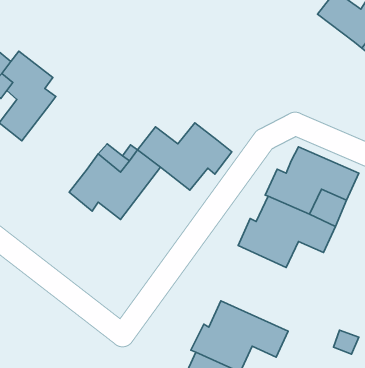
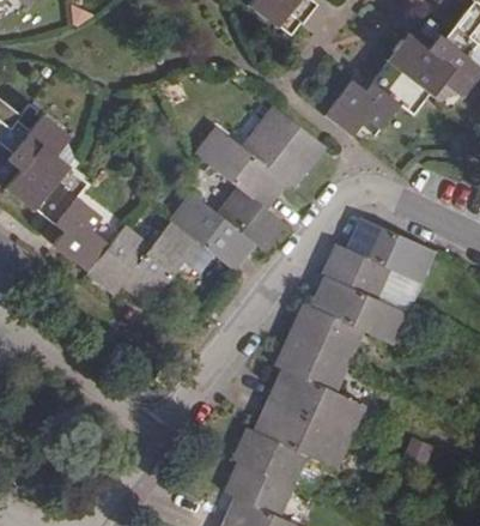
building: none -> [323,60,429,137]
building: none -> [195,107,323,210]
building: none -> [32,168,110,272]
building: none -> [269,335,364,437]

